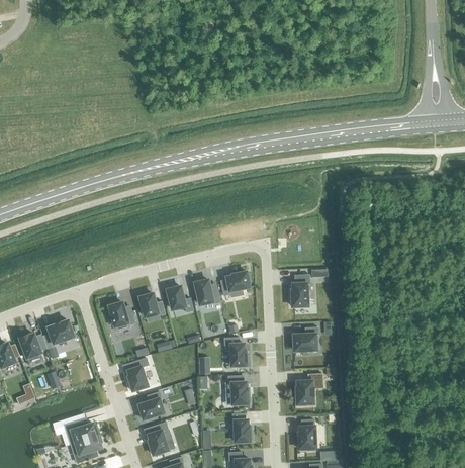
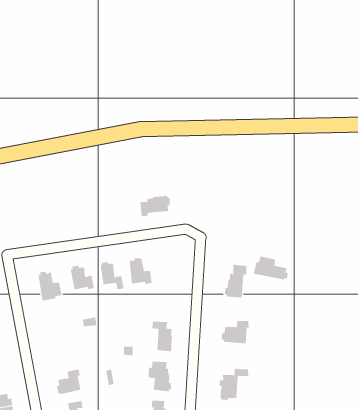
building: none -> [253,256,289,281]
building: [220,272,251,295] -> [139,195,171,217]
building: [128,358,149,391] -> none

